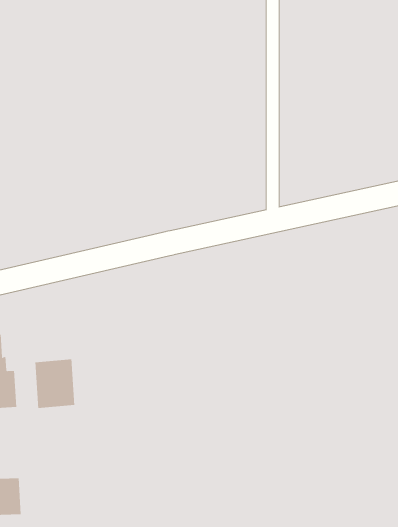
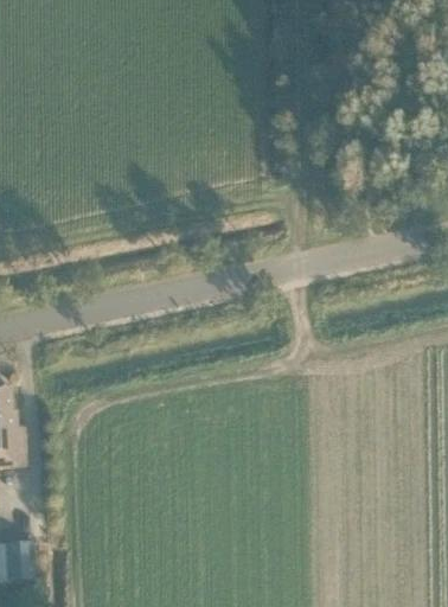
building: [35,359,75,409] -> none

